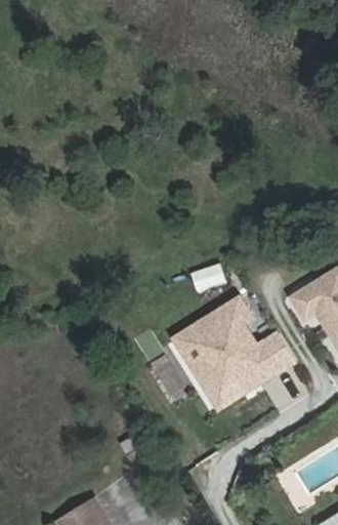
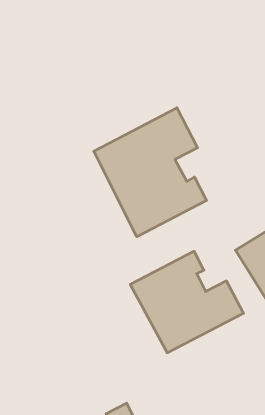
building: none -> [94,108,207,237]

